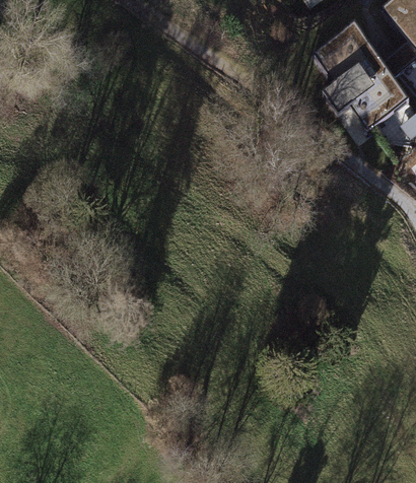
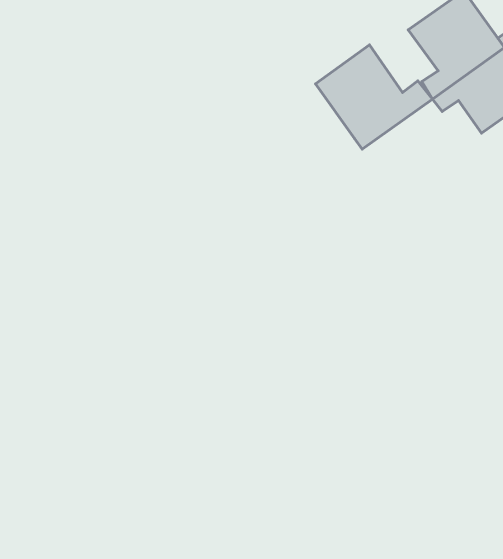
building: none -> [316,45,433,149]

